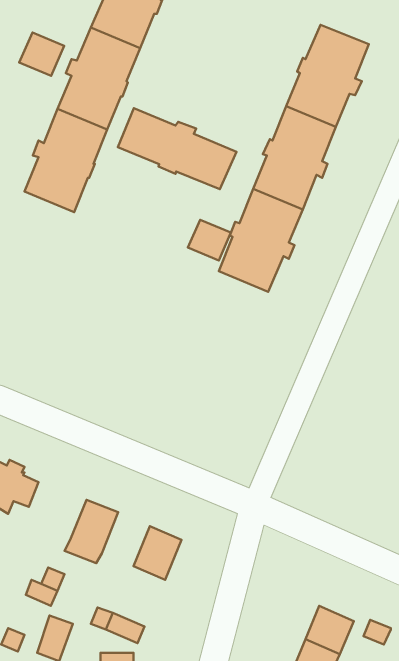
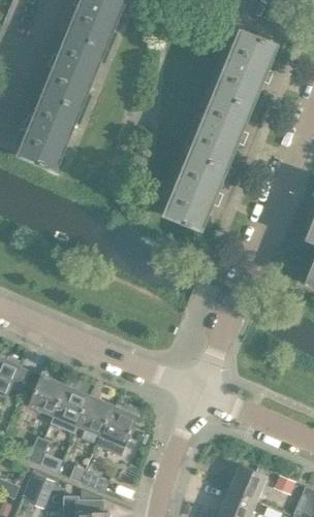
building: [19,33,64,76] -> none
building: [118,108,236,189] -> none
building: [188,220,231,260] -> none
building: none -> [29,375,66,415]
building: none -> [76,394,113,434]

